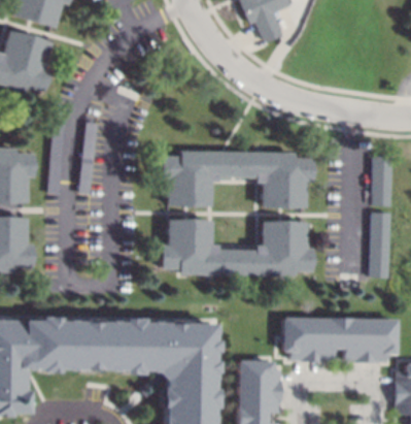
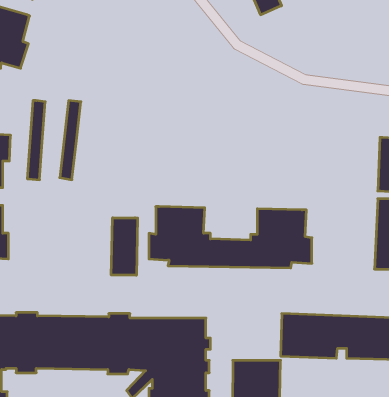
building: [162,150,312,206] -> none
building: none -> [111,218,138,275]

